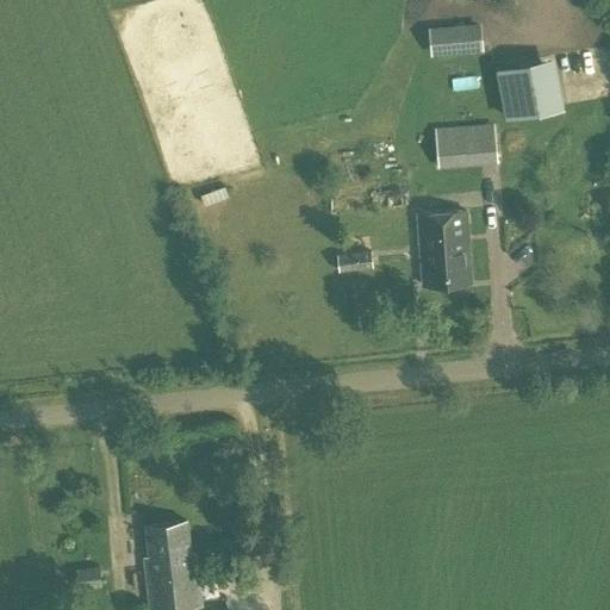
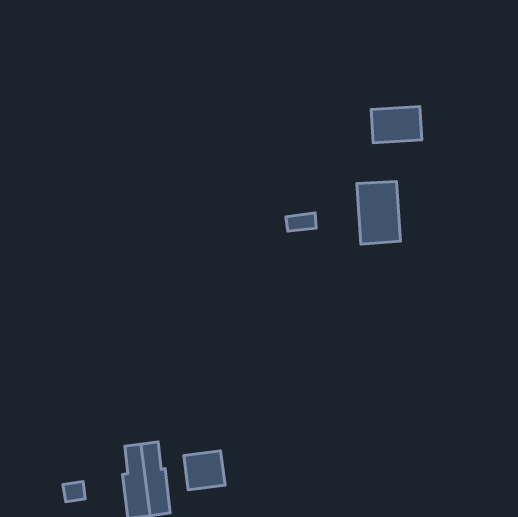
building: [429,25,481,57] -> none
building: [496,60,564,120] -> none
building: none -> [184,451,225,490]

